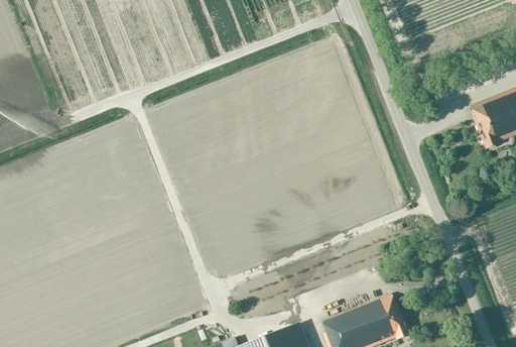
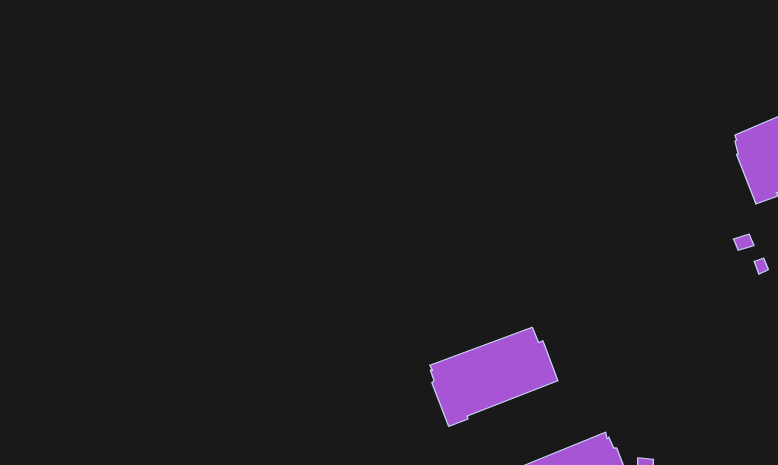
building: none -> [430,327,558,426]

